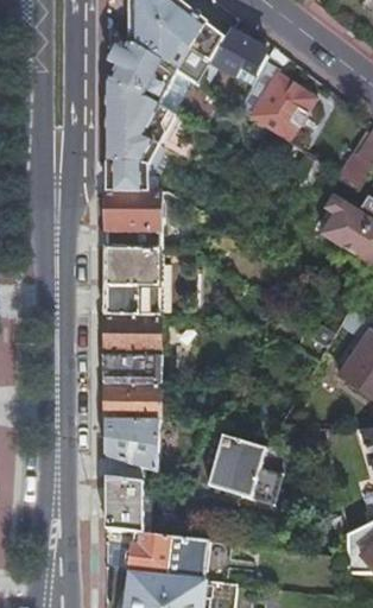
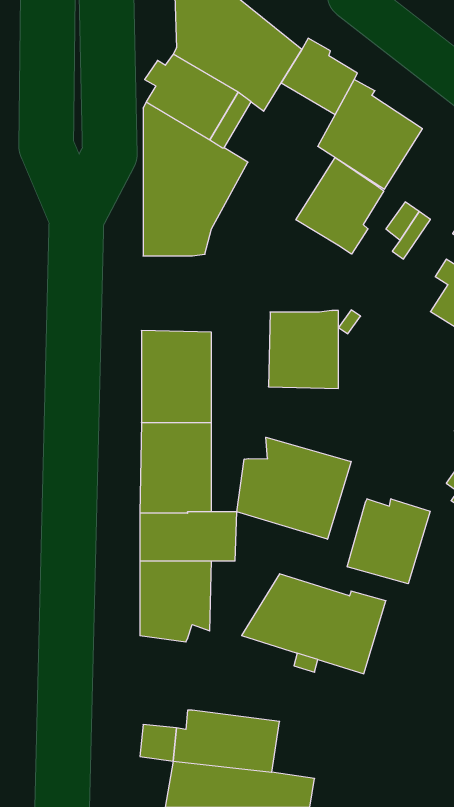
building: none -> [296,158,384,254]
building: [107,192,159,251] -> [268,311,338,388]
building: none -> [237,437,351,539]
building: none -> [347,499,430,584]
building: [106,477,145,533] -> none

